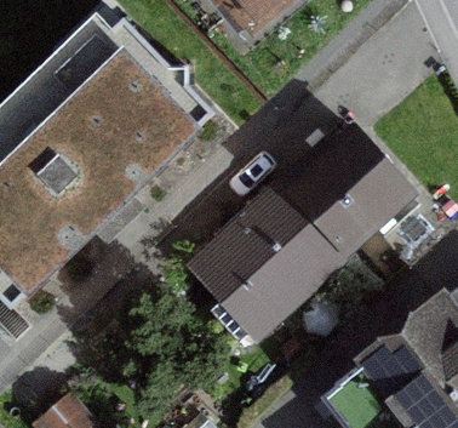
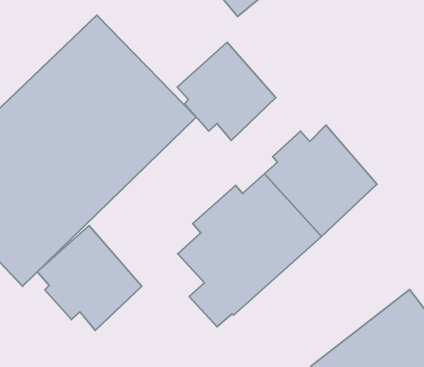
building: none -> [177,42,276,140]
building: none -> [37,226,142,330]

